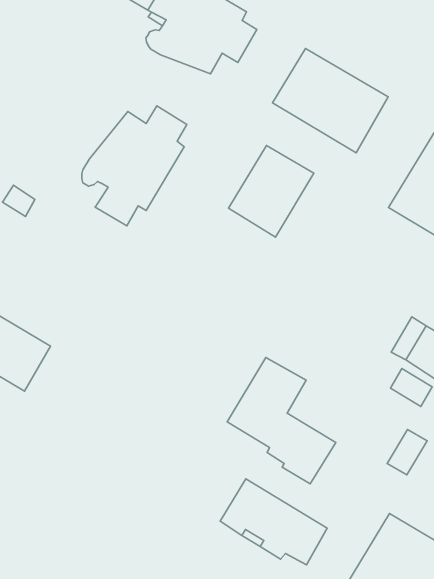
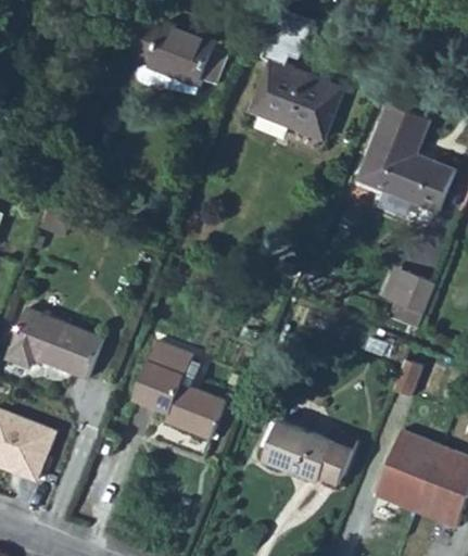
building: [82,106,187,226] -> none
building: [228,145,314,237] -> none
building: [227,358,336,484] -> [134,342,225,439]

